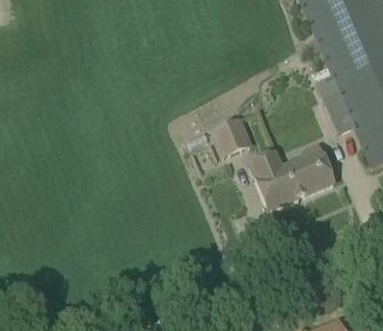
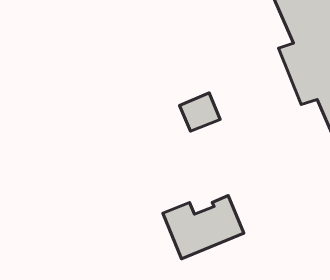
building: [251,141,336,208] -> [163,195,244,259]

